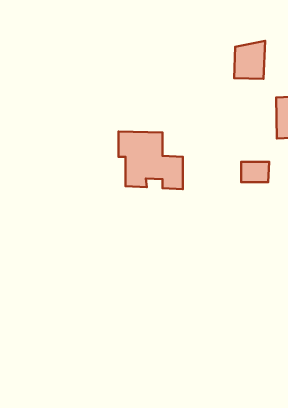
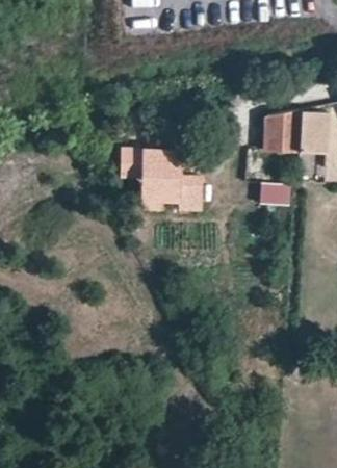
building: [234,41,265,79] -> [266,110,300,151]

